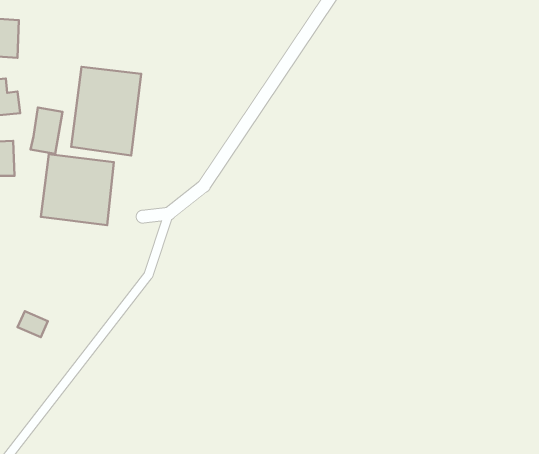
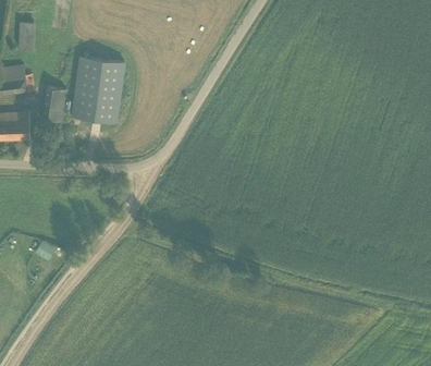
building: [41,154,114,225] -> none

